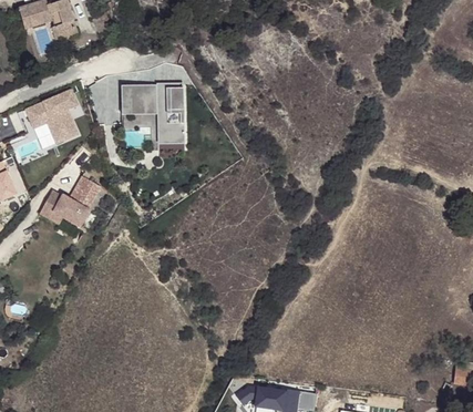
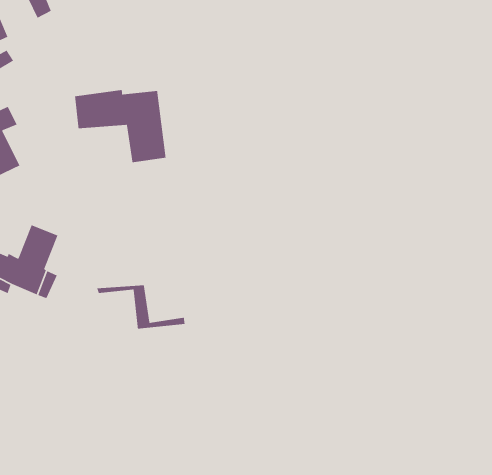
building: [122,109,184,142] -> [96,284,185,330]

